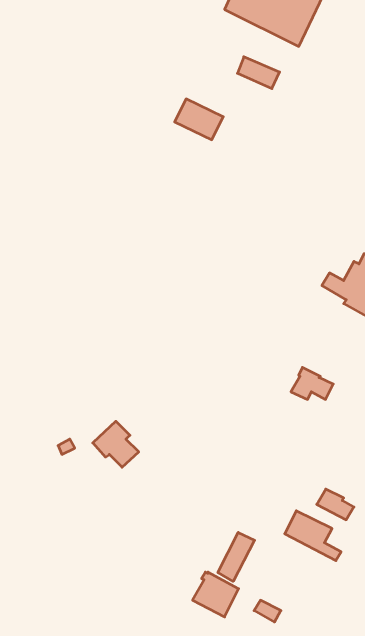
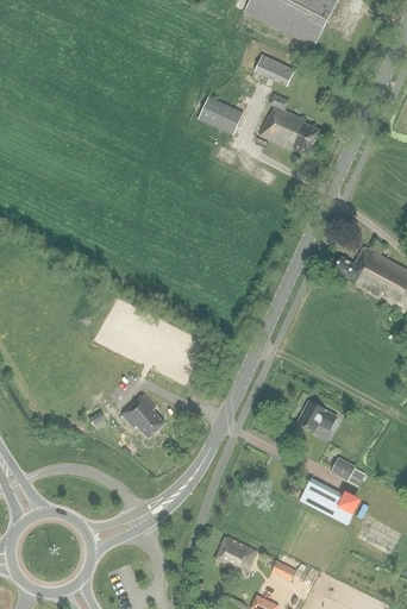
building: none -> [259,93,319,153]
building: [291,367,333,399] -> [296,401,336,431]
building: [218,532,255,581] -> none

